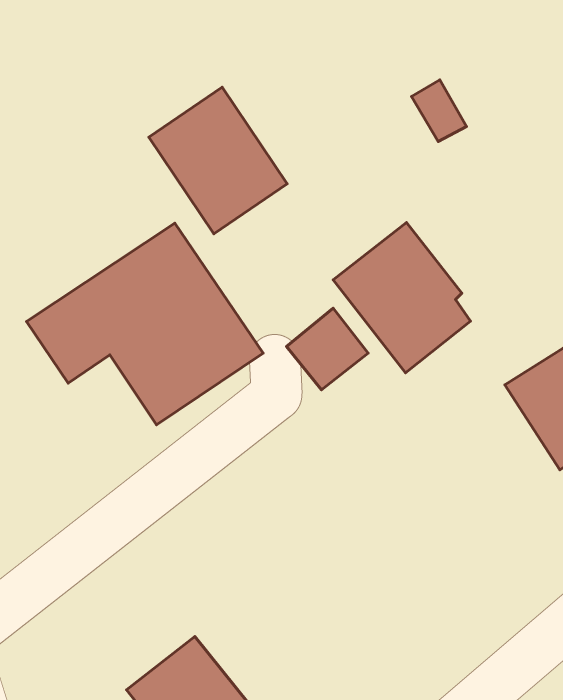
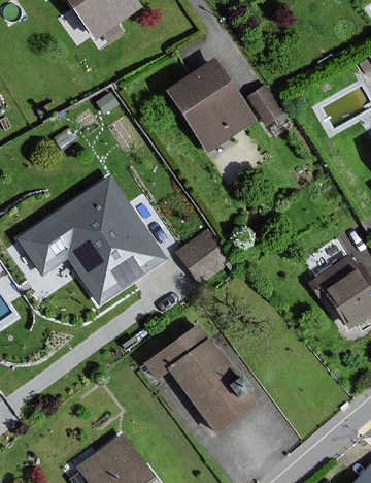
building: [149,87,287,234] -> [168,60,254,151]
building: [333,222,470,373] -> none
building: none -> [146,326,252,432]

